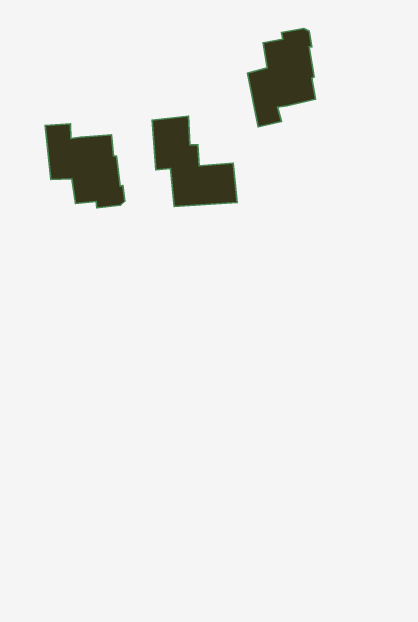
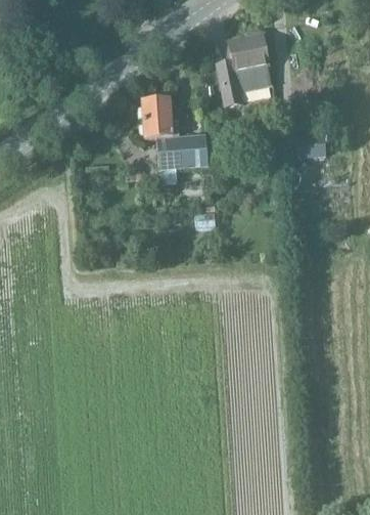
building: [45,124,125,208] -> none

